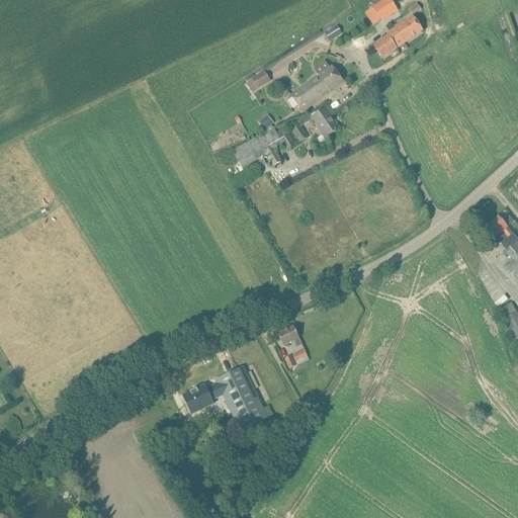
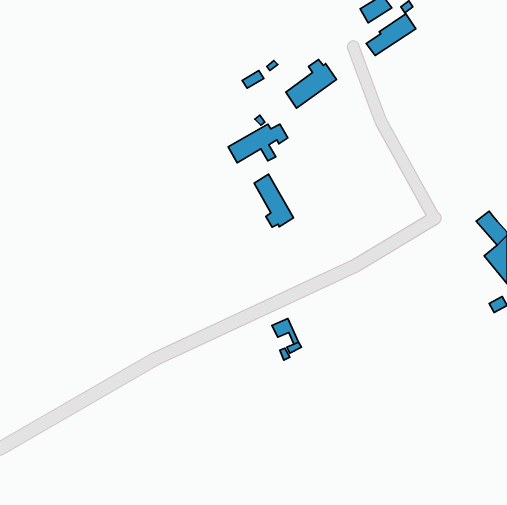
building: [289,107,340,141] -> none
building: none -> [254,174,294,227]
building: [182,365,268,430] -> none

